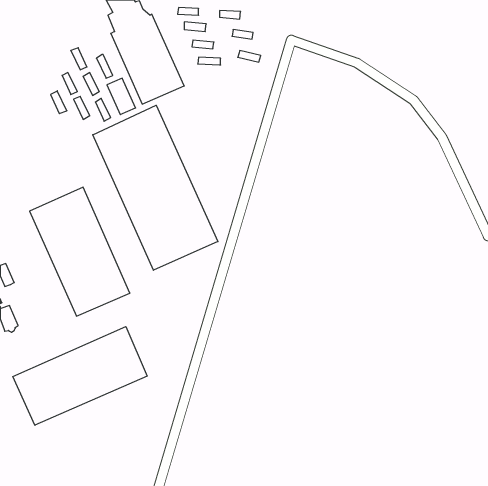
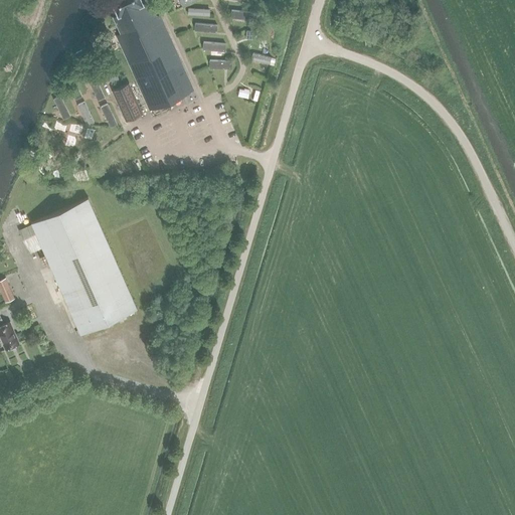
building: [93,105,218,270] -> none
building: [13,327,147,425] -> none

